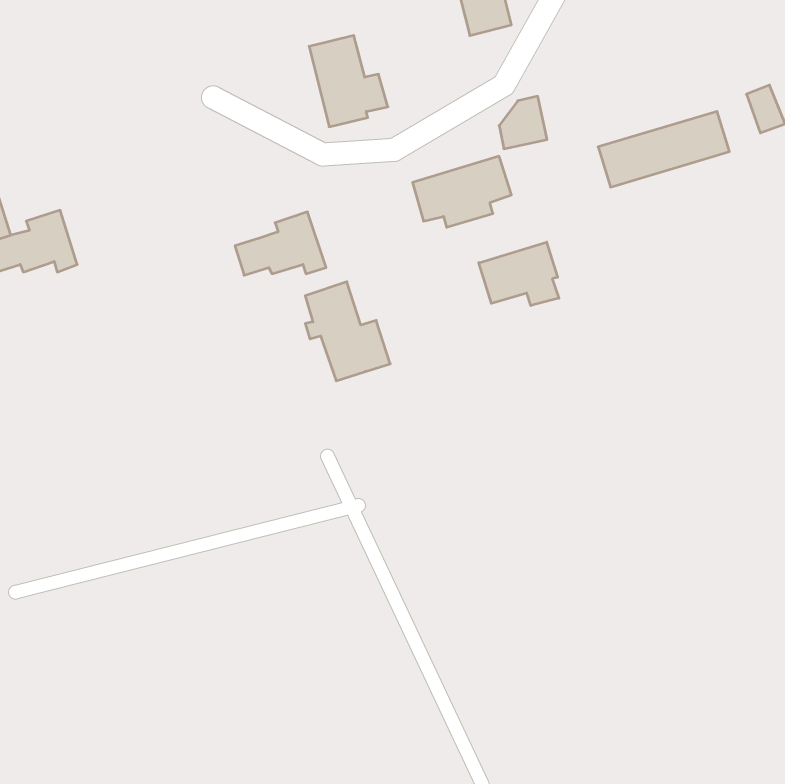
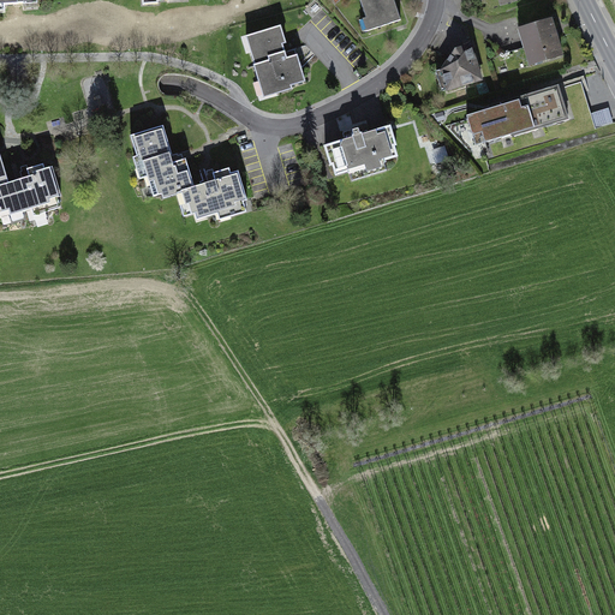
building: none -> [520,18,562,60]
building: [499,96,547,149] -> [444,44,482,85]
building: [479,242,559,306] -> none
building: [305,282,390,381] -> [136,121,202,198]

